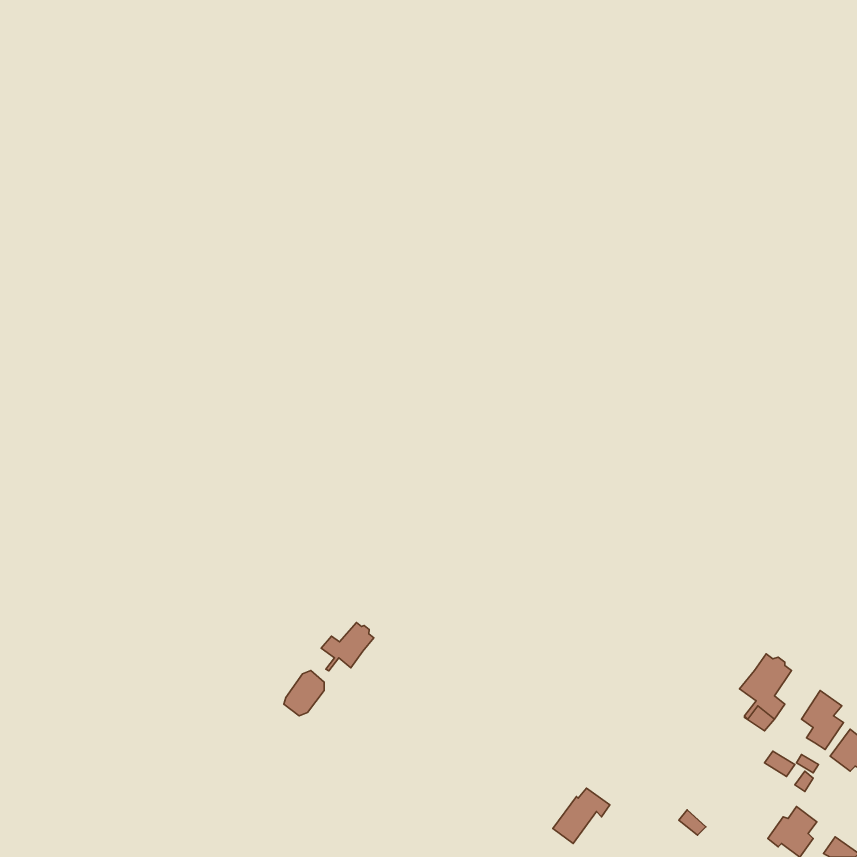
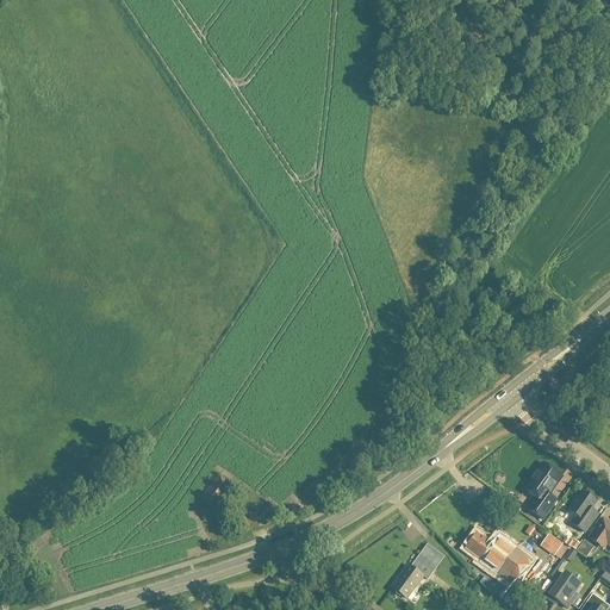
building: [321,622,374,671] -> none
building: none -> [466,533,533,585]

